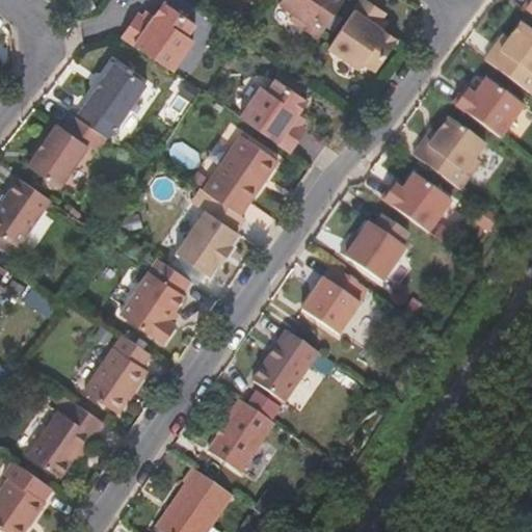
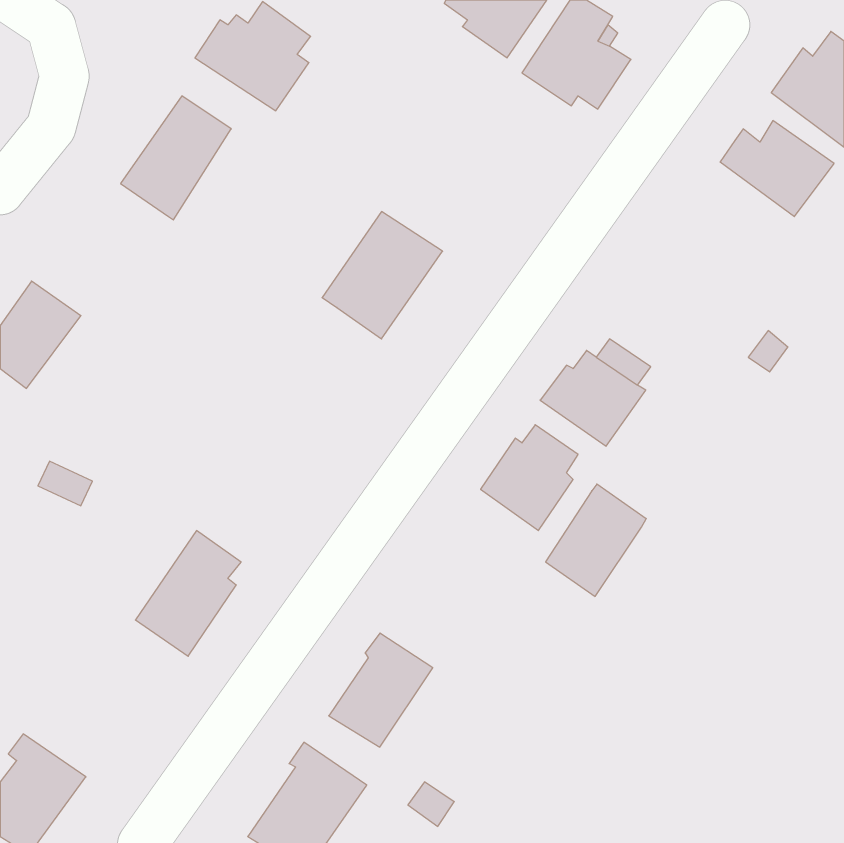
building: [239,76,308,150] -> none
building: [29,113,106,186] -> none
building: [413,116,485,189] -> none
building: [380,174,452,234] -> none
building: [177,194,246,274] -> none
building: [122,261,190,345] -> none
building: [251,331,315,402] -> [546,484,646,596]
building: [28,401,105,477] -> none

